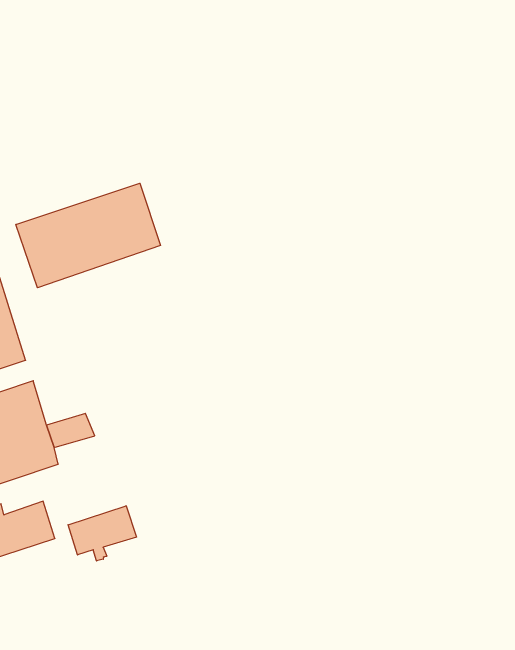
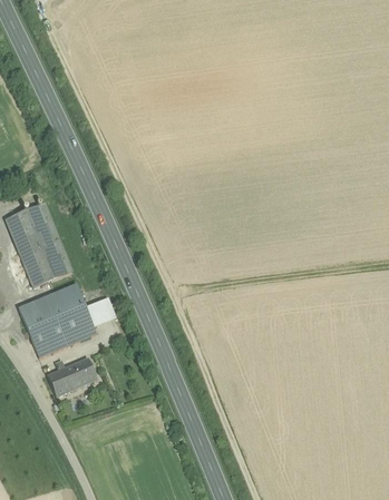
building: [16,183,160,288] -> none
building: [68,506,137,561] -> none

